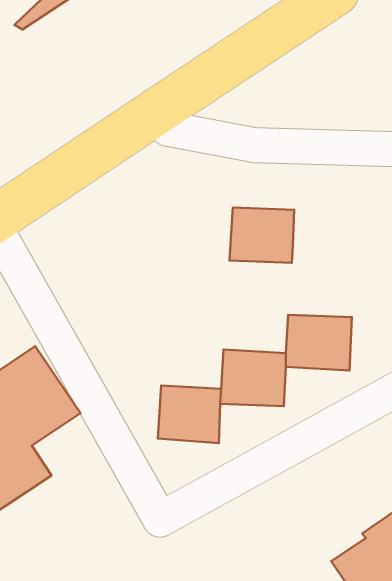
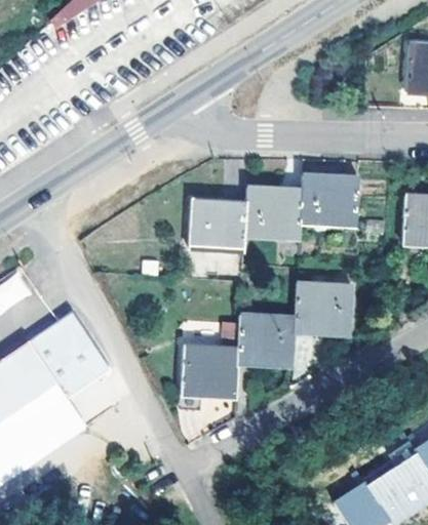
building: none -> [300,175,358,226]
building: none -> [188,201,245,249]

